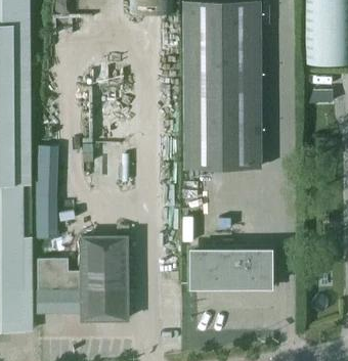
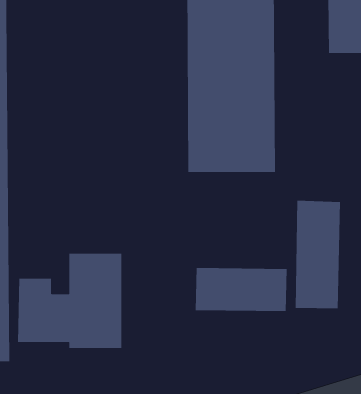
building: [38,149,58,236] -> none
building: none -> [295,200,340,309]

